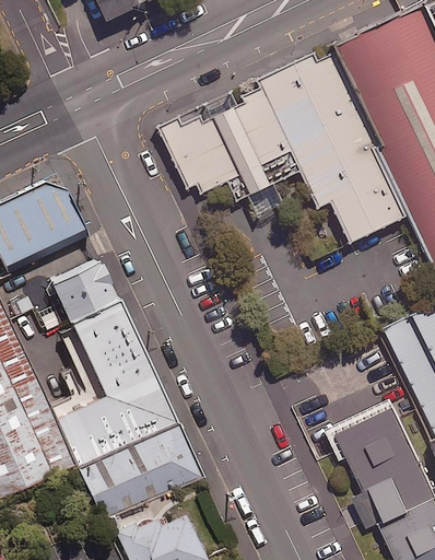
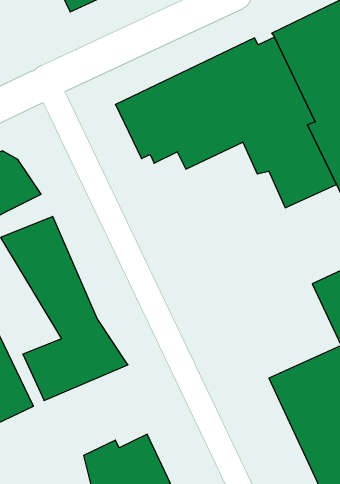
building: [92,422,207,521] -> none

